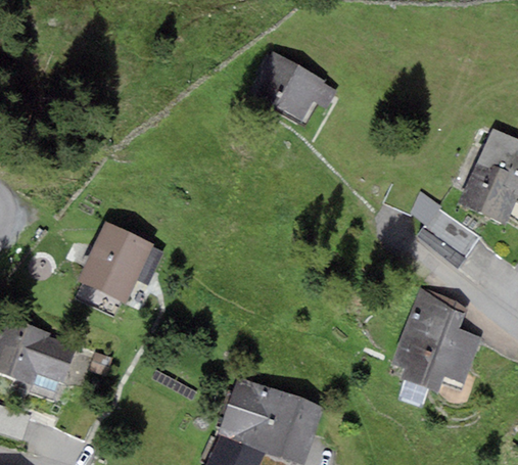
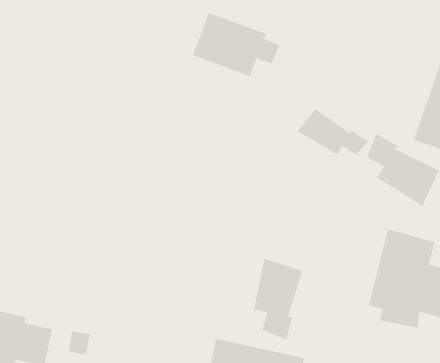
building: none -> [297,108,369,156]
building: [77,222,162,304] -> none
building: none -> [253,258,303,340]

